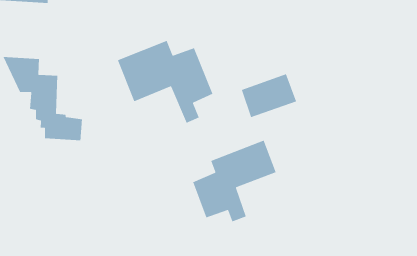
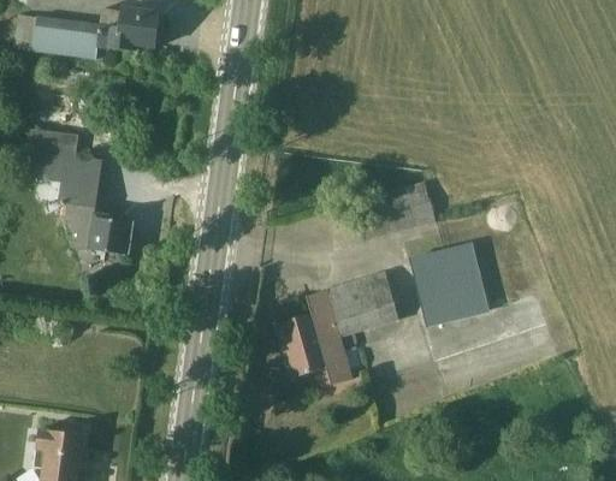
building: [117,40,213,124] -> none
building: none -> [409,243,490,325]

